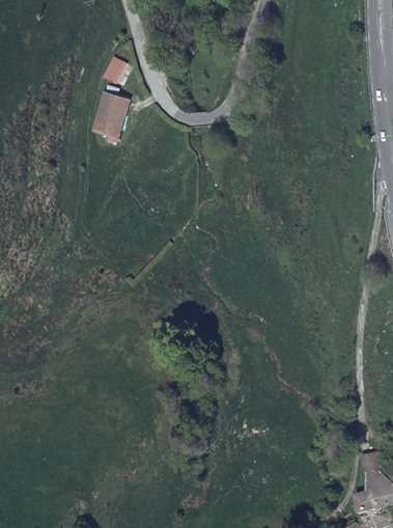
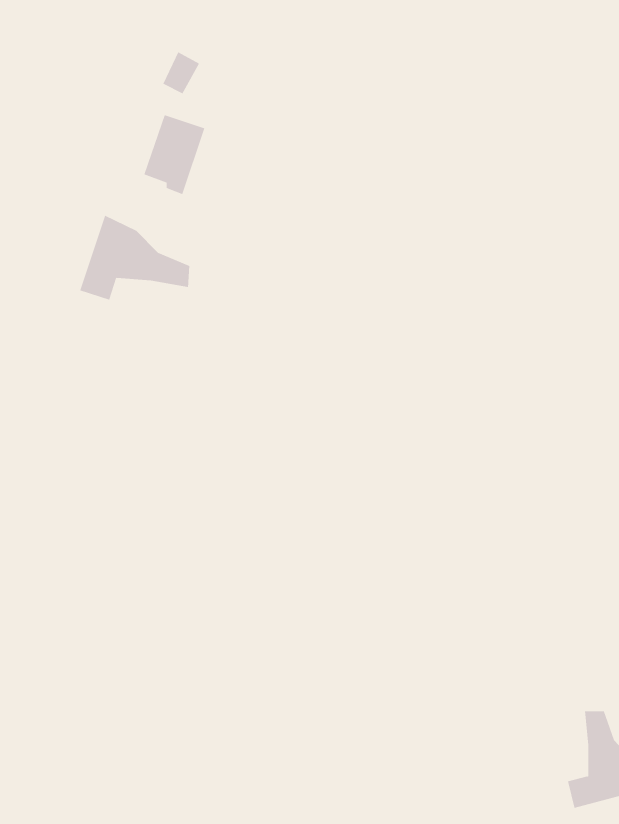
building: none -> [80,215,190,300]

